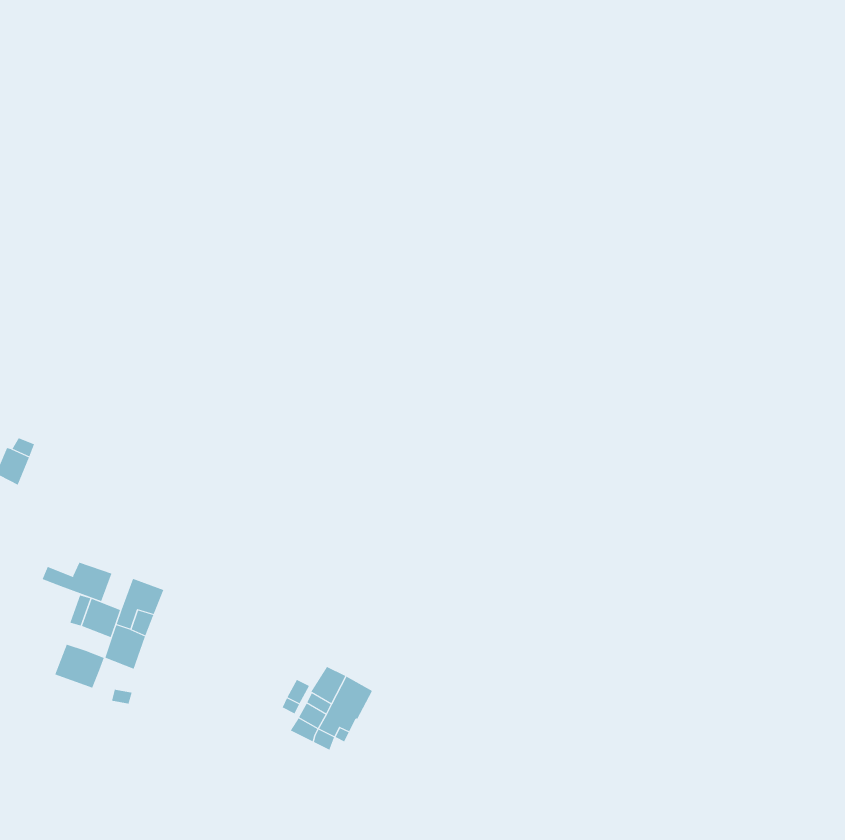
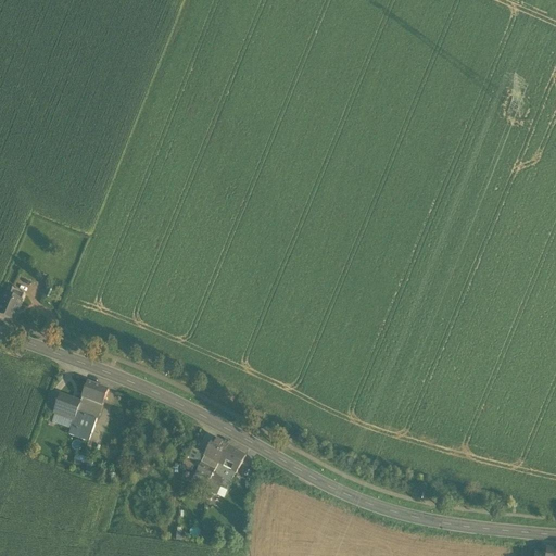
building: [42,562,112,602] -> none
building: [54,644,104,689] -> none

